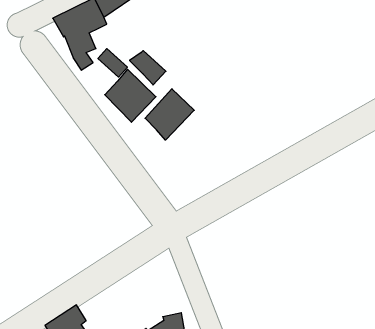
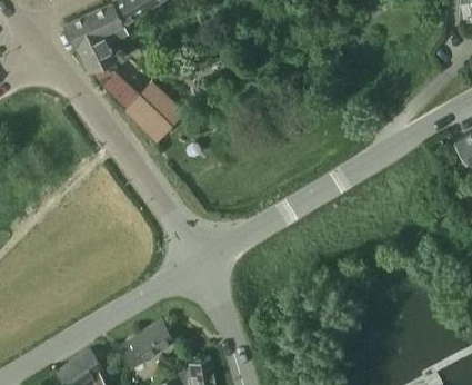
building: [130,51,166,85] -> [98,72,139,111]
building: [145,89,194,140] -> none
building: none -> [119,322,174,368]

